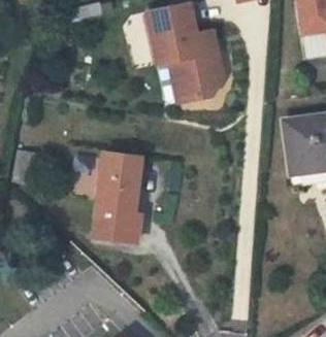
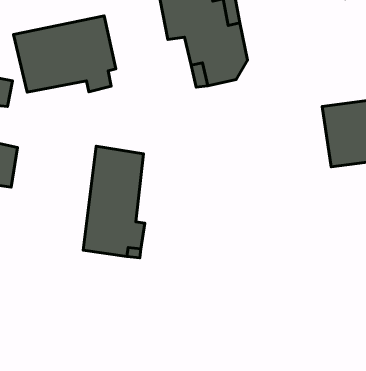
building: none -> [14,16,116,92]

